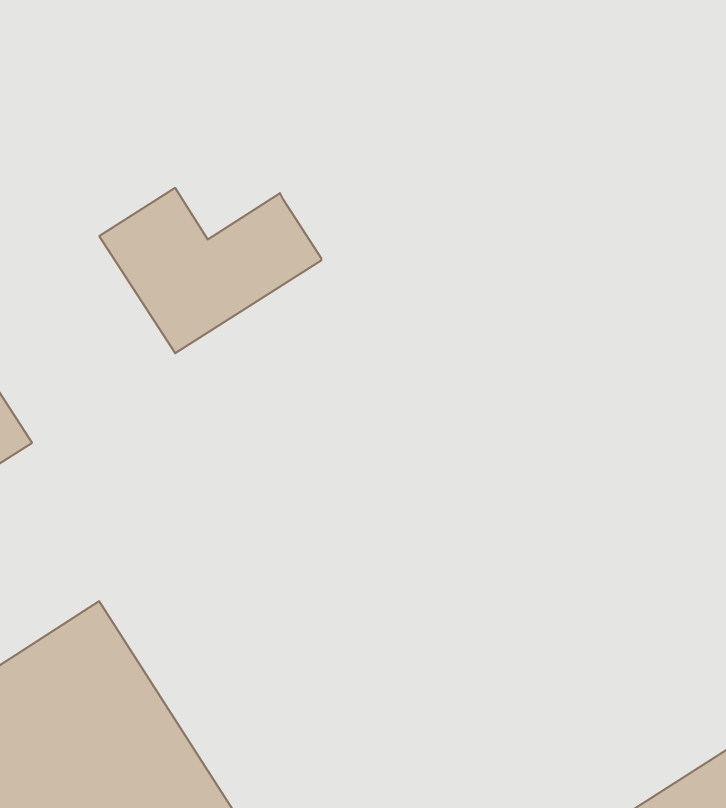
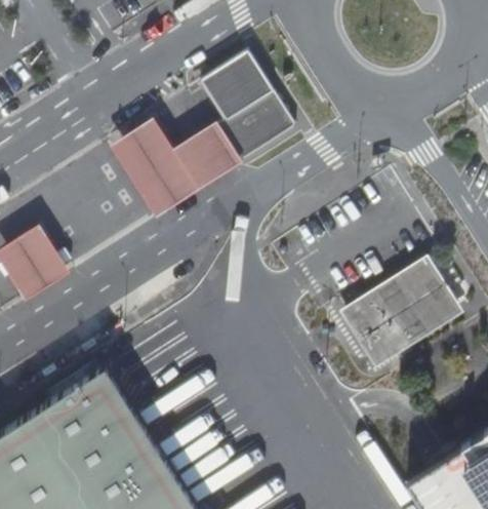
building: none -> [199,50,294,160]
building: none -> [337,258,458,366]

